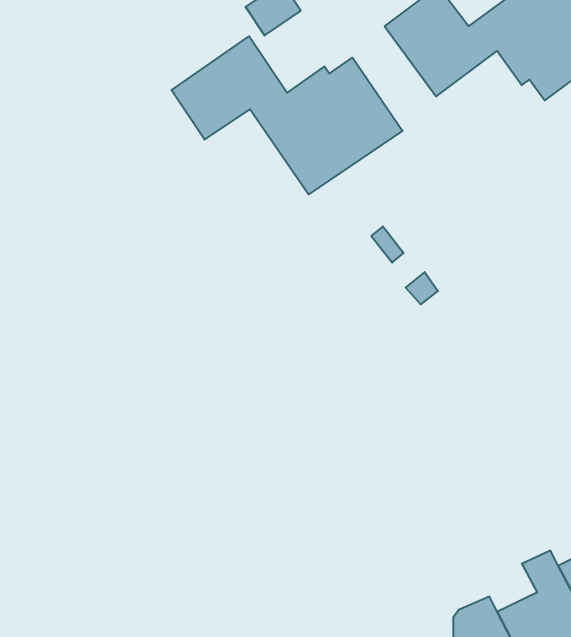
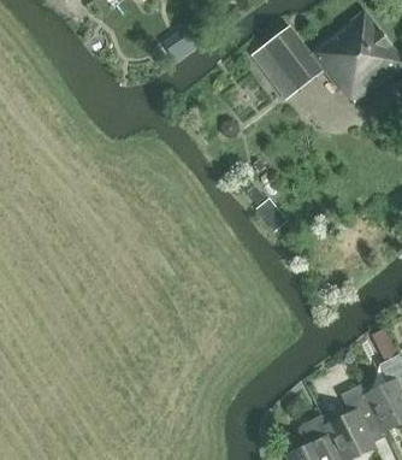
building: [171,36,403,194] -> none

